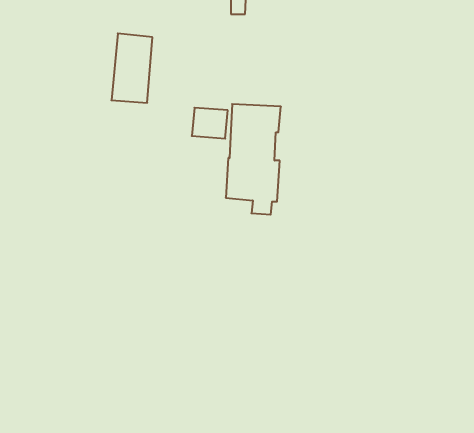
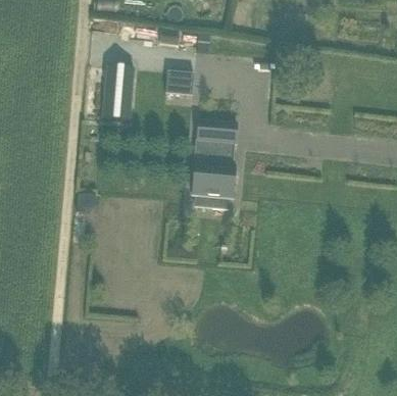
building: [192,108,228,139] -> [165,71,194,96]

